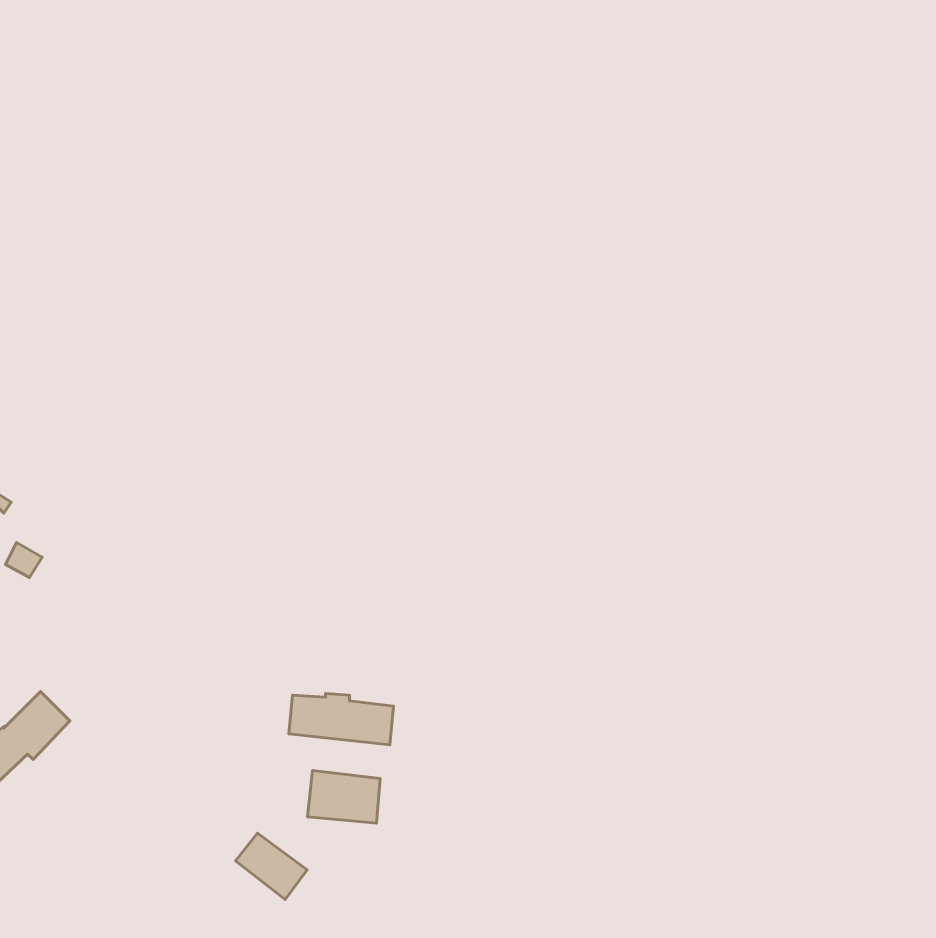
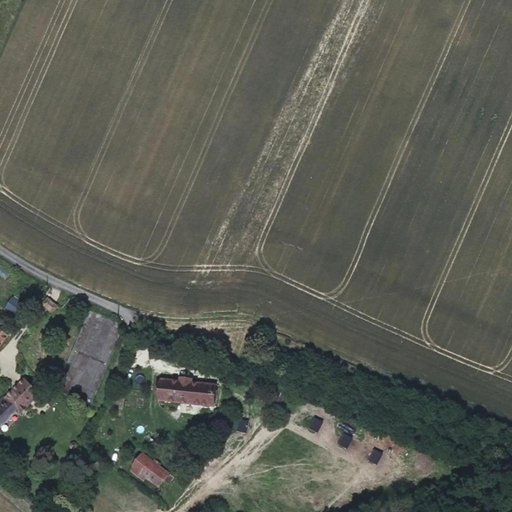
building: [307,770,380,823] -> none

